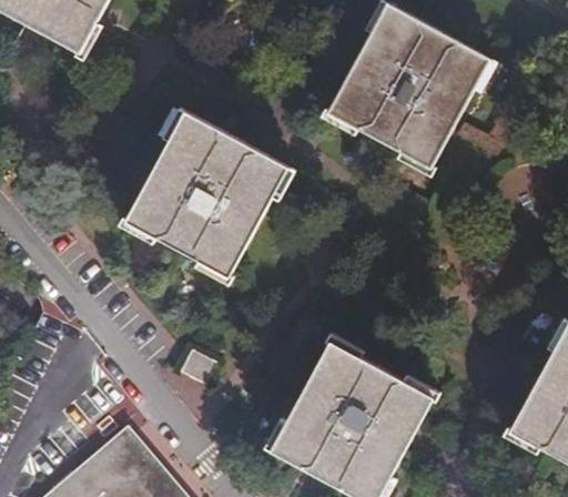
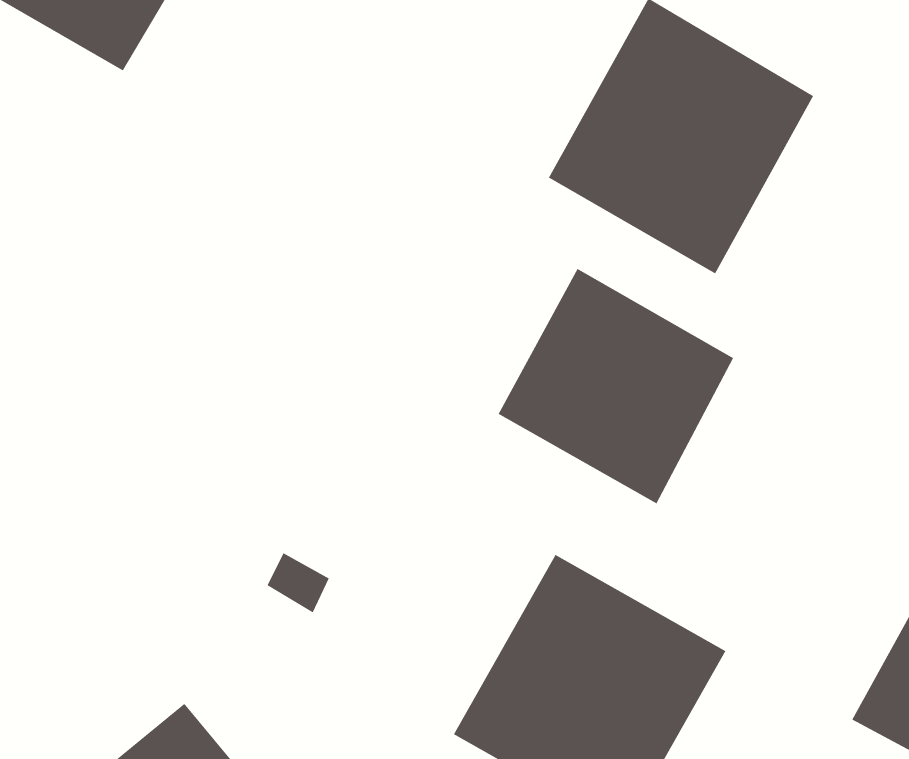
building: [128,115,291,281] -> none
building: none -> [497,268,734,505]

